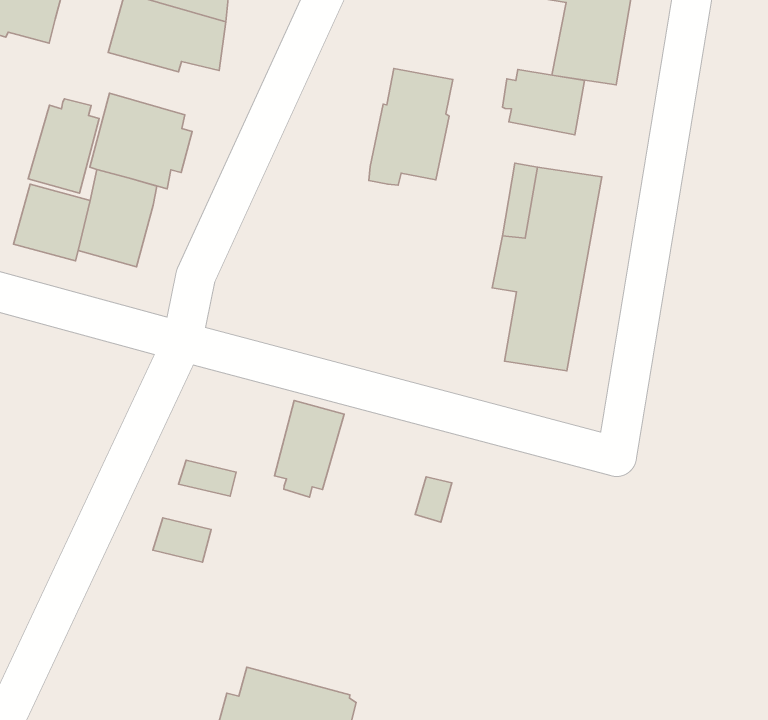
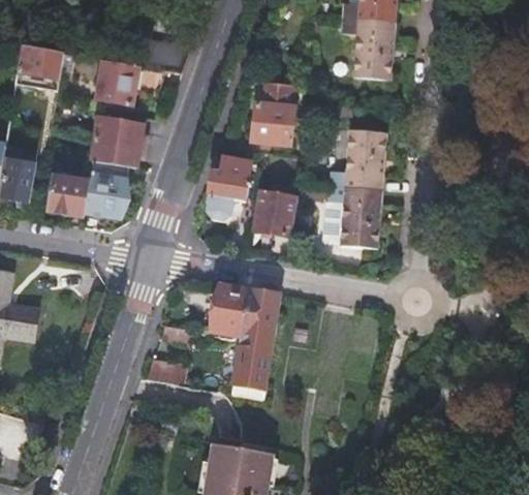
building: [502,69,585,135] -> none
building: [28,99,99,193] -> none
building: none -> [205,159,251,221]
building: none -> [255,190,294,234]
building: none -> [230,289,282,398]

